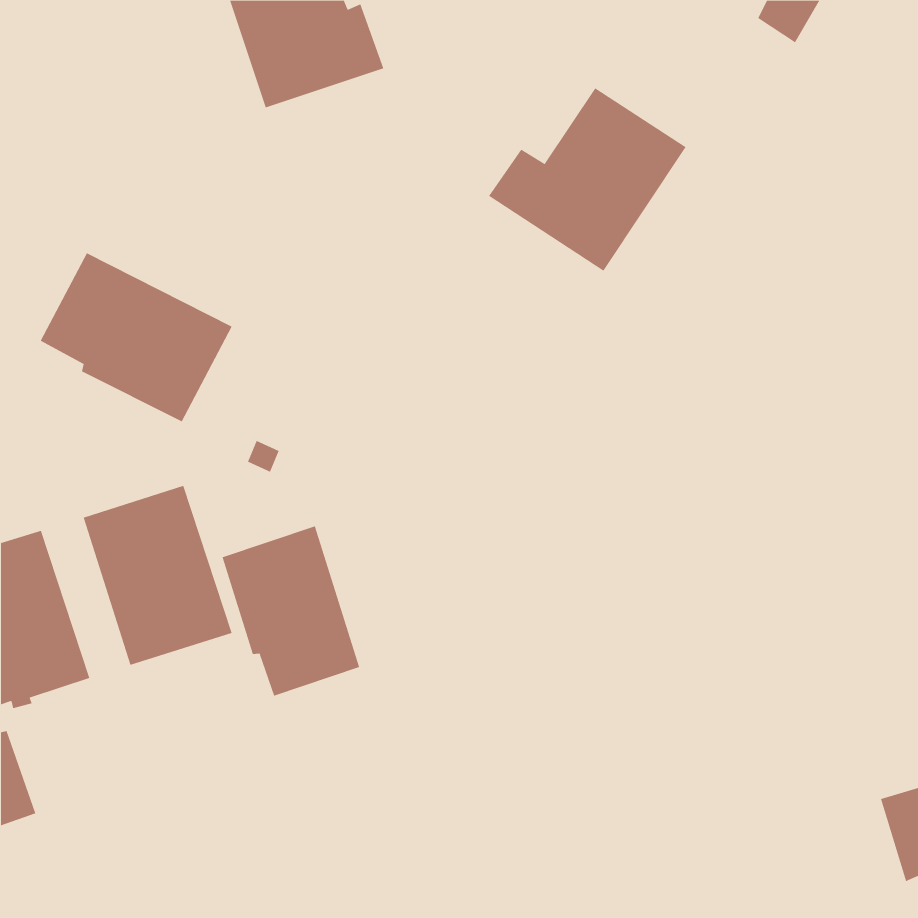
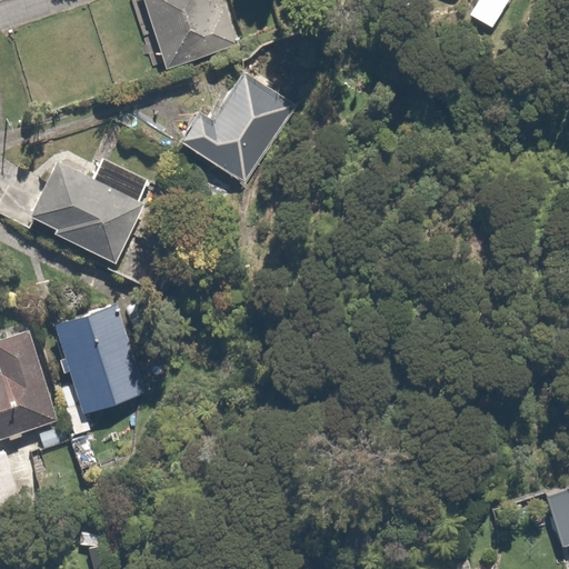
building: [488,88,687,271] -> [174,69,297,182]
building: [222,526,360,696] -> none

